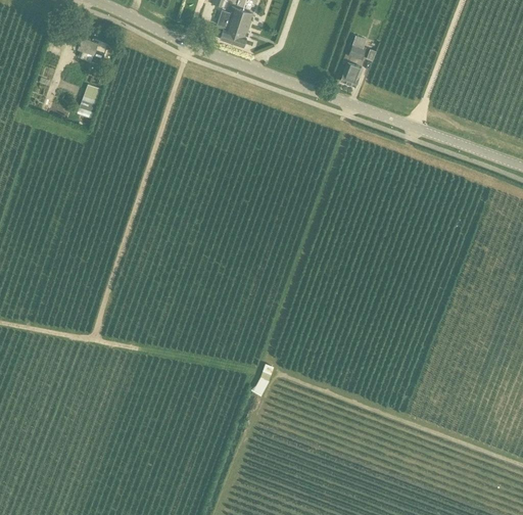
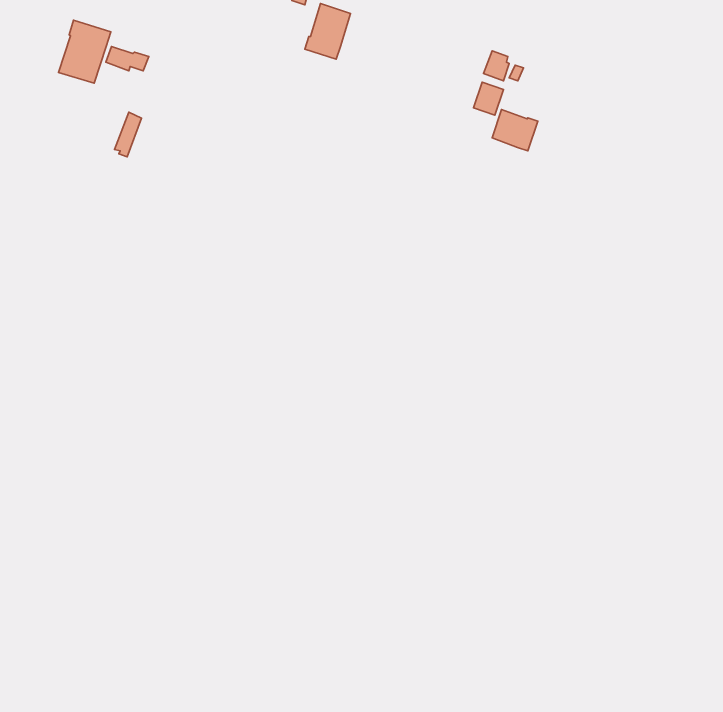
building: none -> [58,20,111,83]
building: none -> [492,110,538,151]

